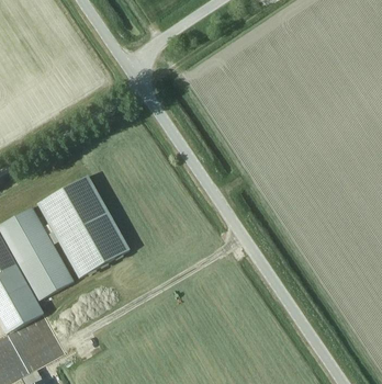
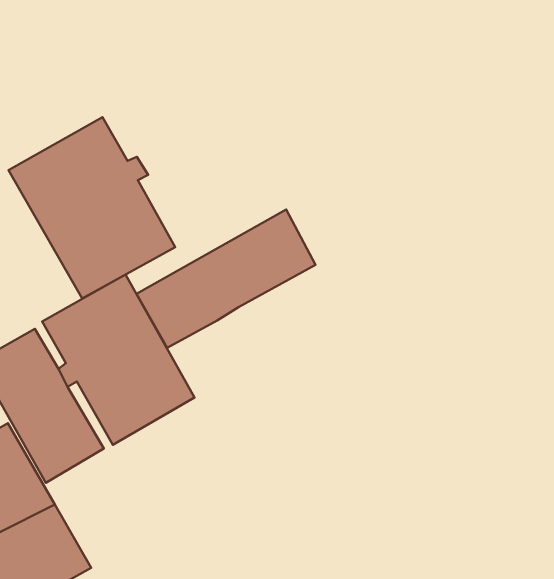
building: none -> [9,117,175,299]
building: none -> [137,210,315,348]

